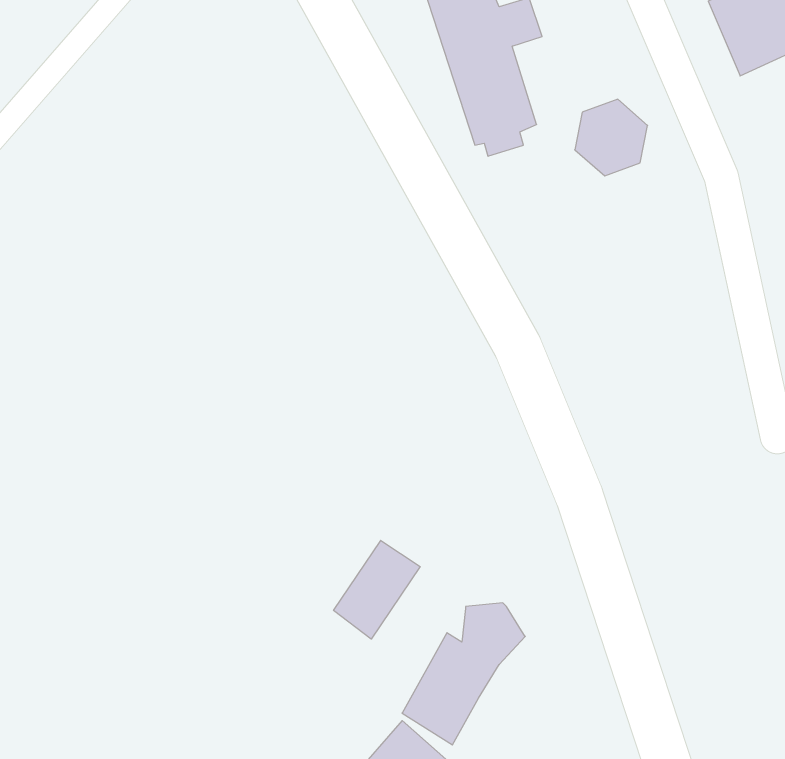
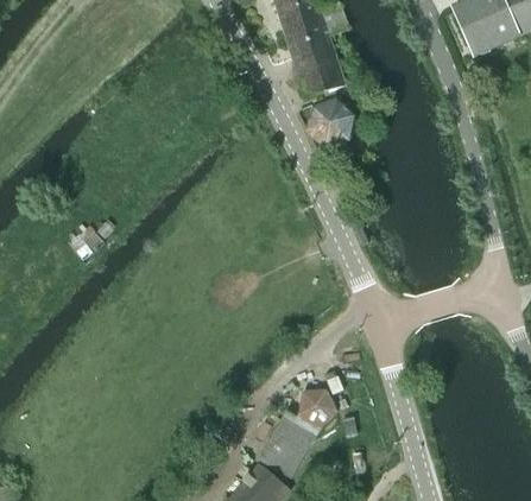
building: [575,99,648,176] -> [306,99,353,147]
building: [334,540,420,639] -> none

